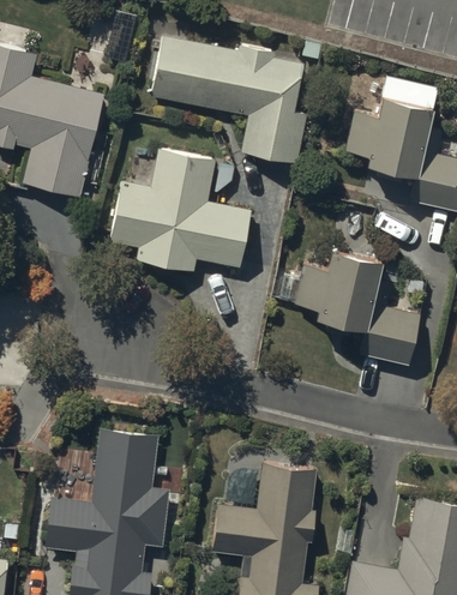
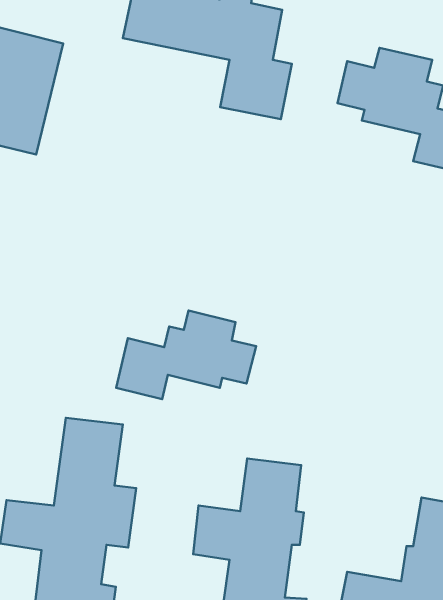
building: [113,158,248,272] -> none
building: [295,253,420,365] -> none
building: none -> [116,310,256,399]

